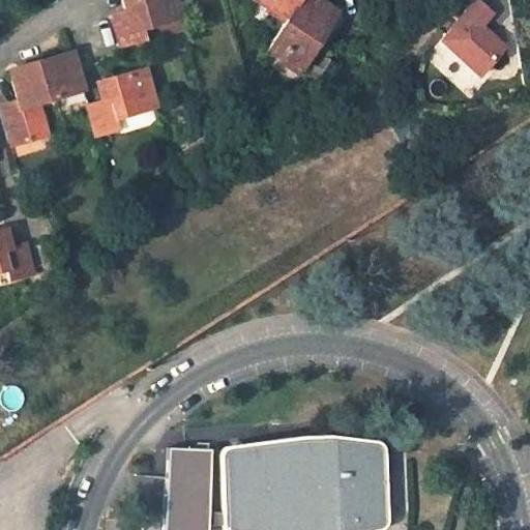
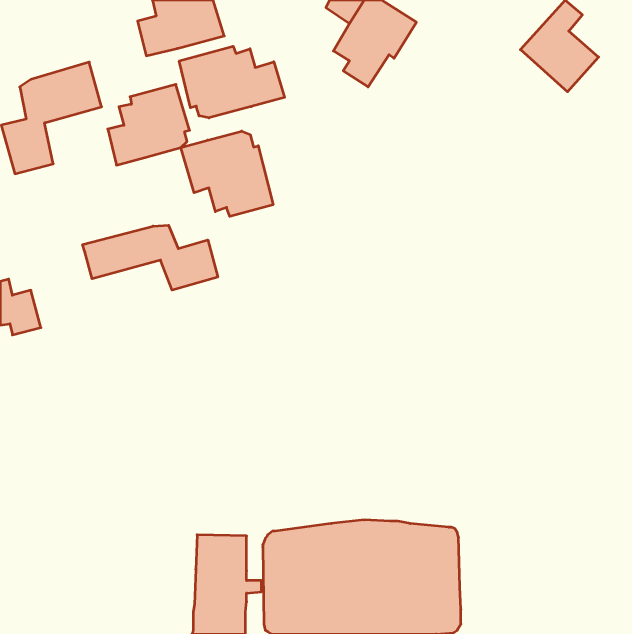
building: none -> [179,46,285,118]
building: none -> [181,131,273,216]
building: none -> [83,225,218,290]

